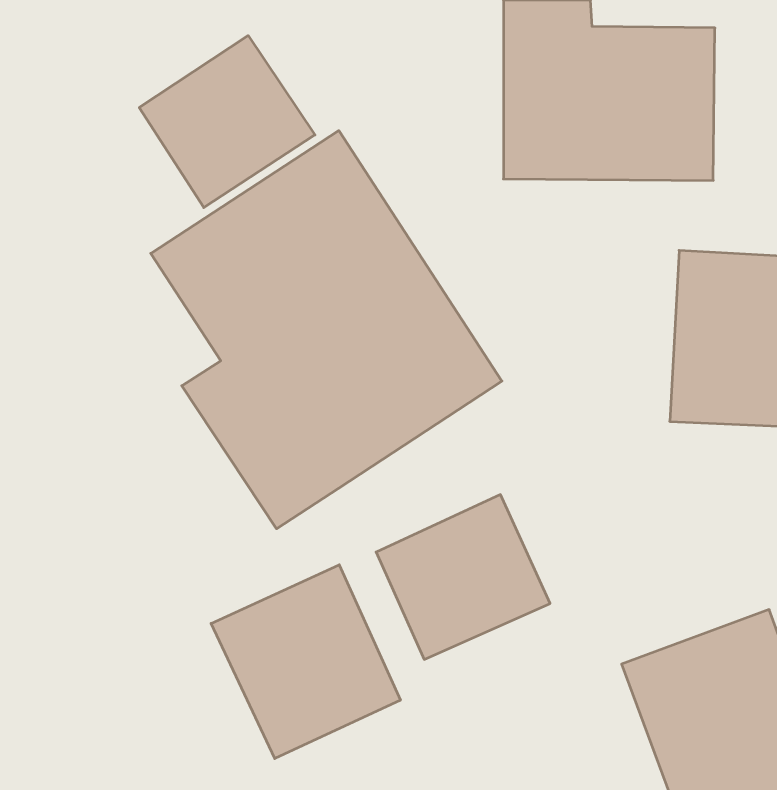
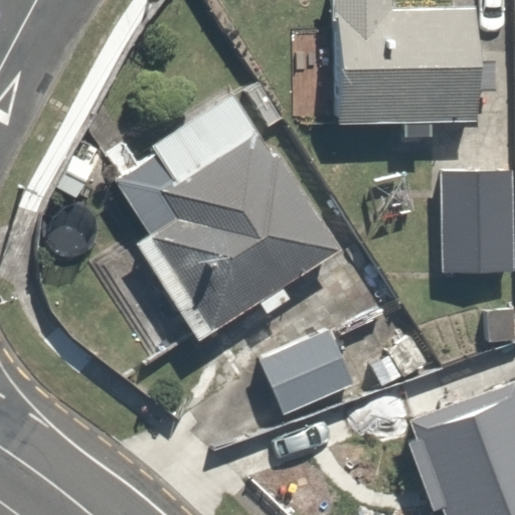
building: [139,36,315,208] -> none
building: [211,565,400,759] -> none

